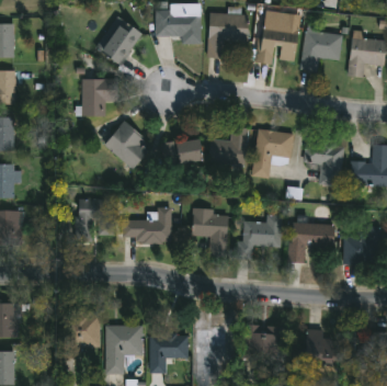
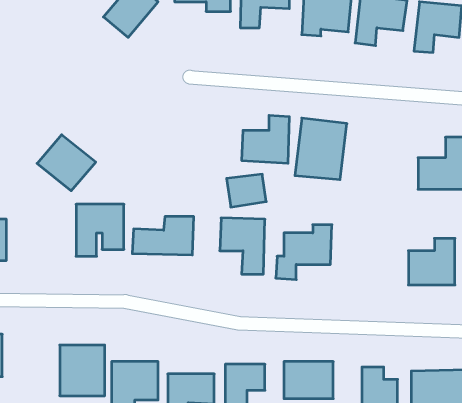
building: [82,79,117,116] -> none
building: [104,123,151,168] -> [37,135,96,191]
building: [172,139,204,166] -> [227,174,266,207]
building: [304,141,343,178] -> none
building: [289,222,334,262] -> none

